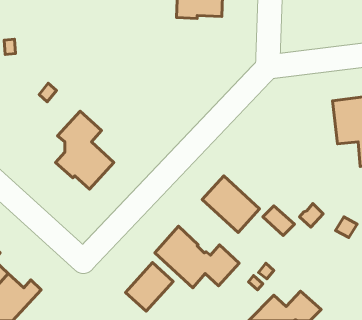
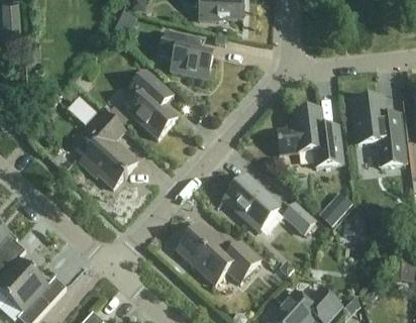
building: none -> [159,31,212,79]
building: none -> [126,70,177,138]
building: none -> [276,109,342,167]
building: [126,263,173,311] -> none

